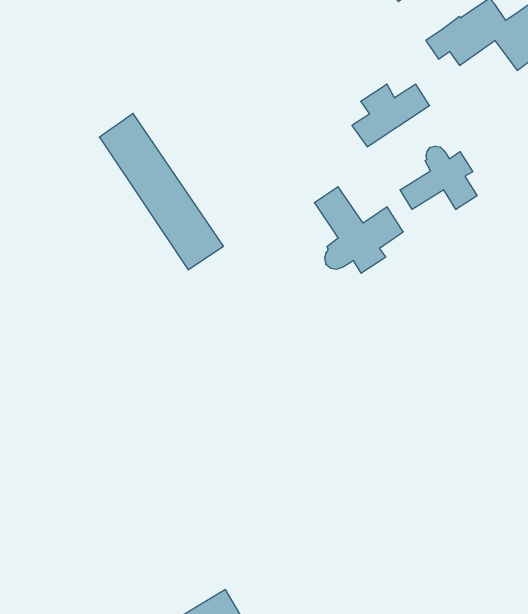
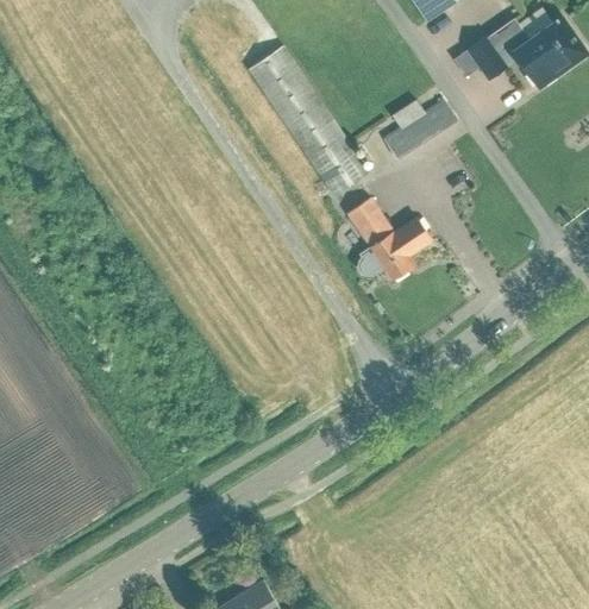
building: [99,113,223,270] -> [250,46,368,195]
building: [400,146,477,210] -> none

